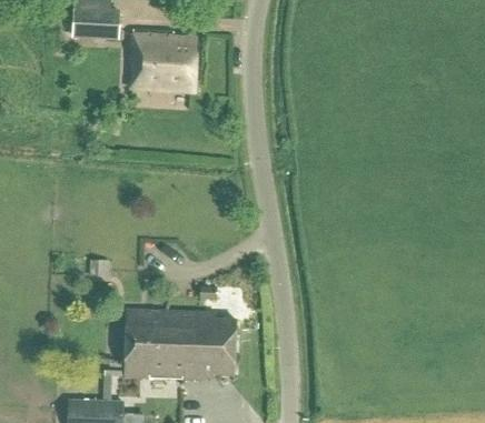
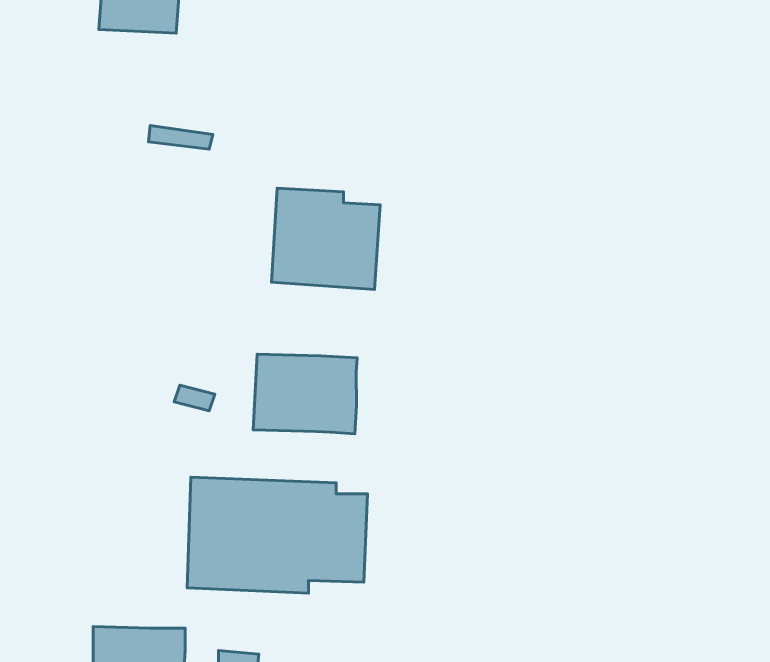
building: [130,31,196,92] -> [272,188,380,290]
building: none -> [253,354,357,434]

